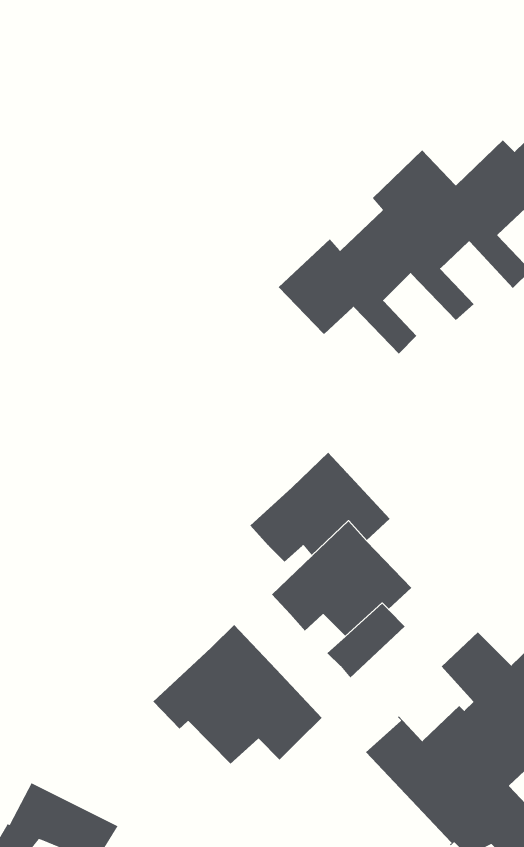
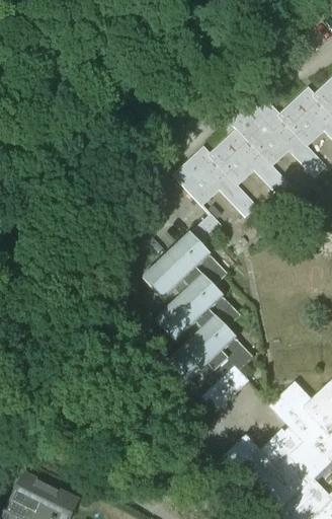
building: none -> [143,213,228,300]
building: [153,624,323,764] -> none

